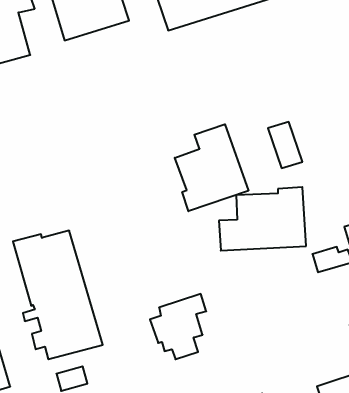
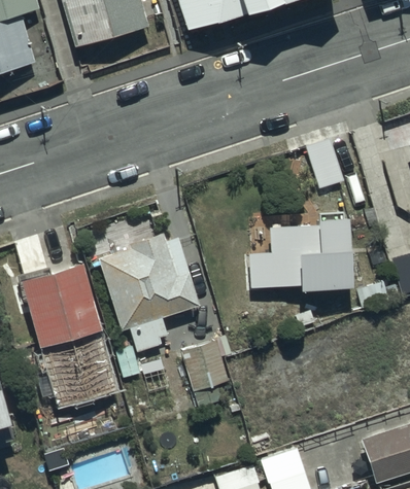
building: [175,124,248,211] -> none
building: none -> [99,235,200,379]

